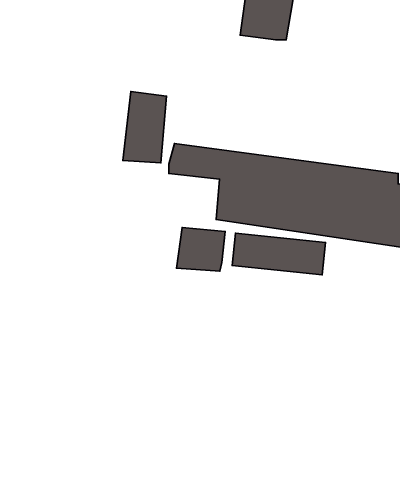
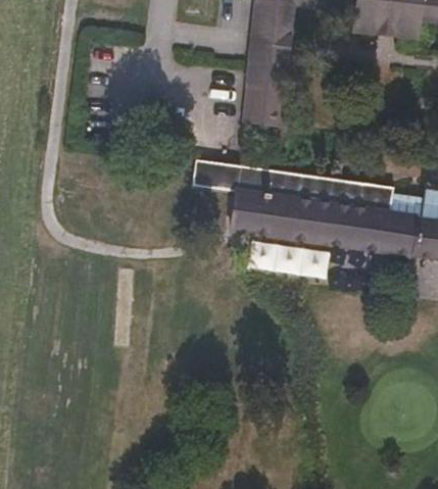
building: [123,92,166,163] -> [247,64,286,128]
building: [176,228,225,271] -> none

